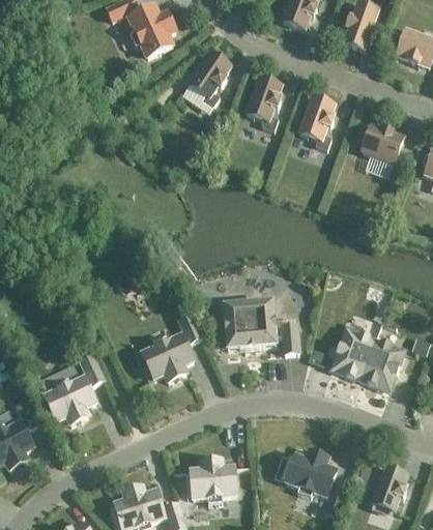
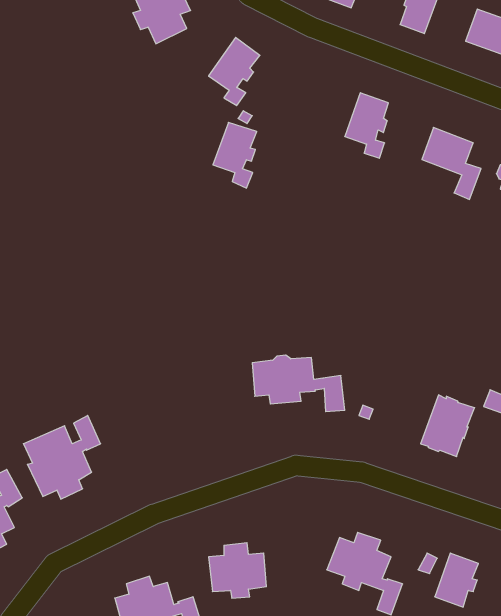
building: [246,78,281,130] -> [213,122,257,188]
building: [141,312,202,381] -> none
building: [331,322,374,379] -> none

